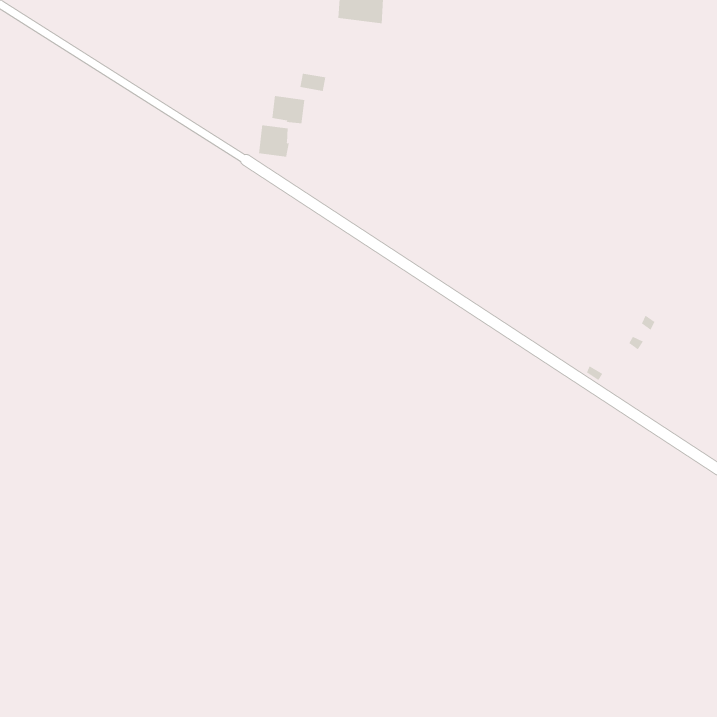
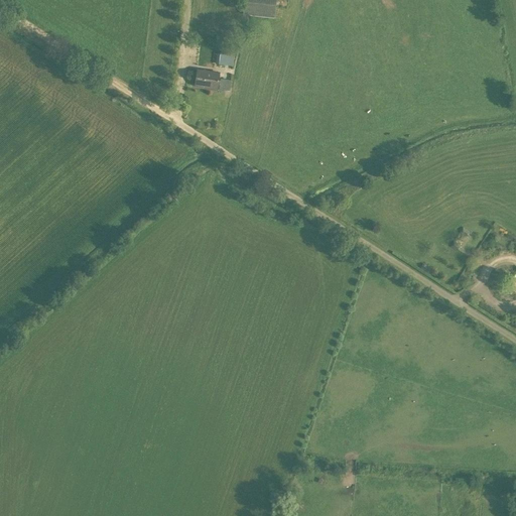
building: [259,125,289,158] -> none

